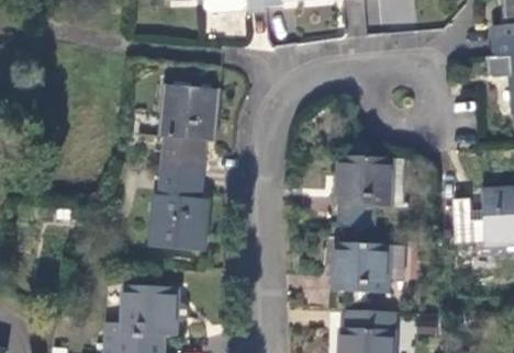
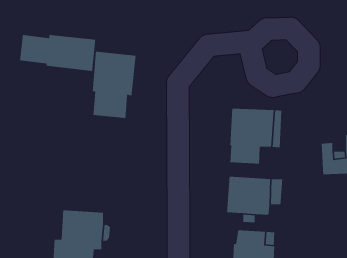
building: none -> [19,34,96,72]
building: [149,166,208,251] -> none

